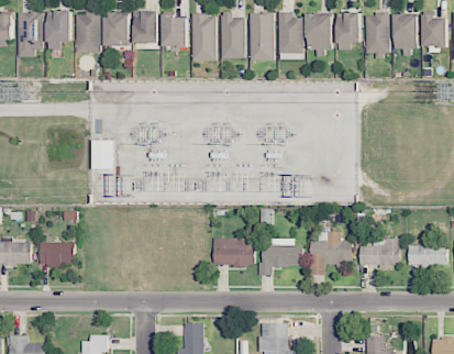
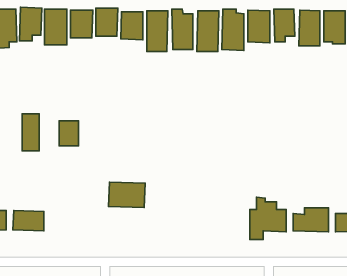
building: none -> [22,114,39,151]
building: [213,237,255,266] -> [109,182,145,207]
building: [261,237,302,275] -> none

